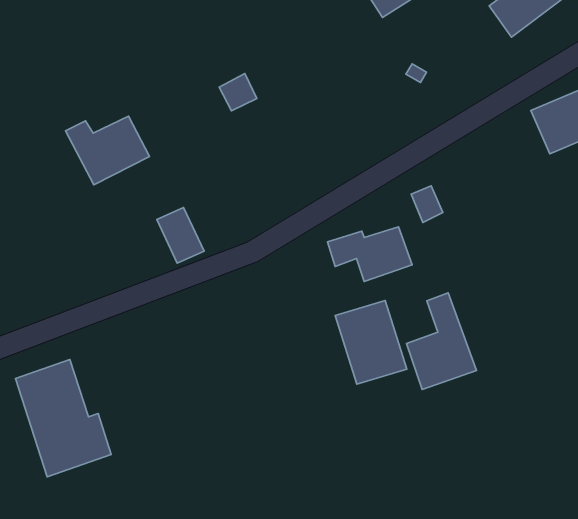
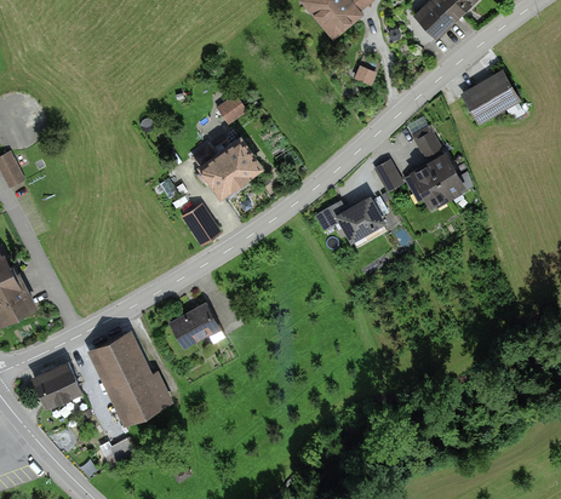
building: [65,116,149,185] -> [194,138,262,195]
building: [407,293,476,390] -> [407,130,464,207]
building: [335,300,407,384] -> none
building: none -> [164,302,221,355]

